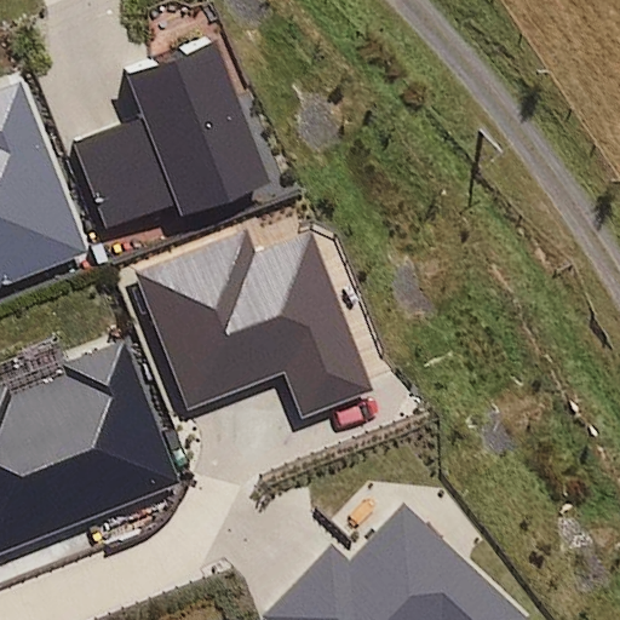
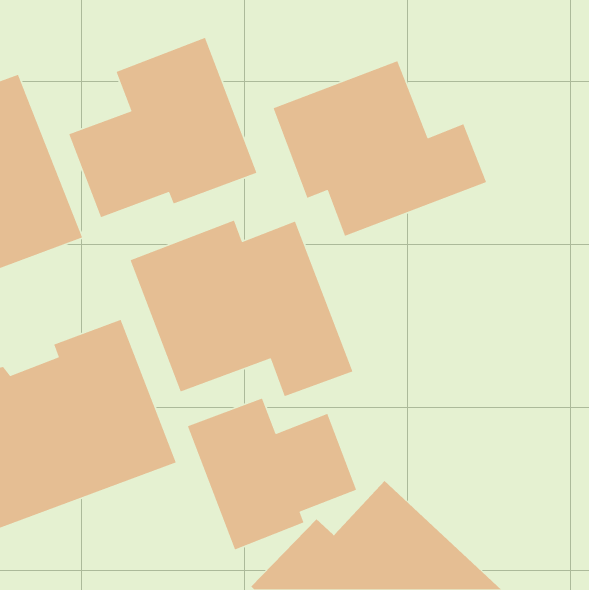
building: none -> [272,60,487,237]
building: none -> [187,397,357,551]

